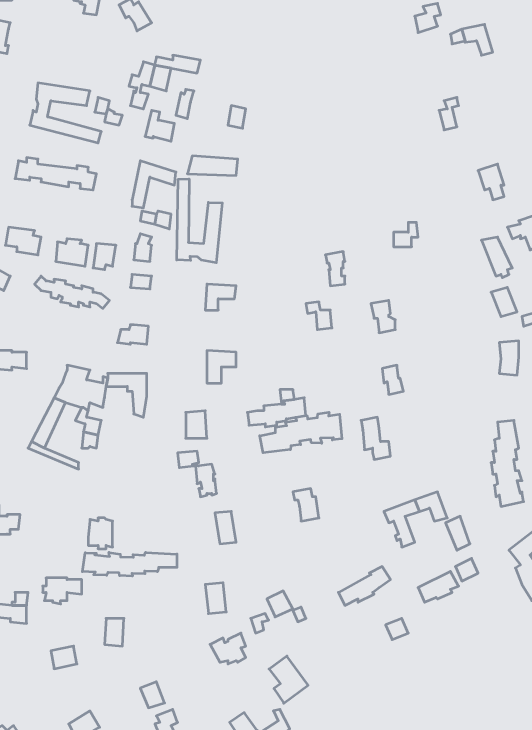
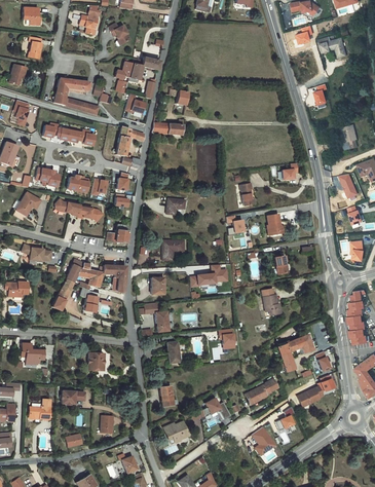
building: [177,179,222,263] -> none
building: [260,412,342,453] -> none
building: [82,552,177,576] -> none
building: [269,656,308,703] -> [250,426,274,456]

